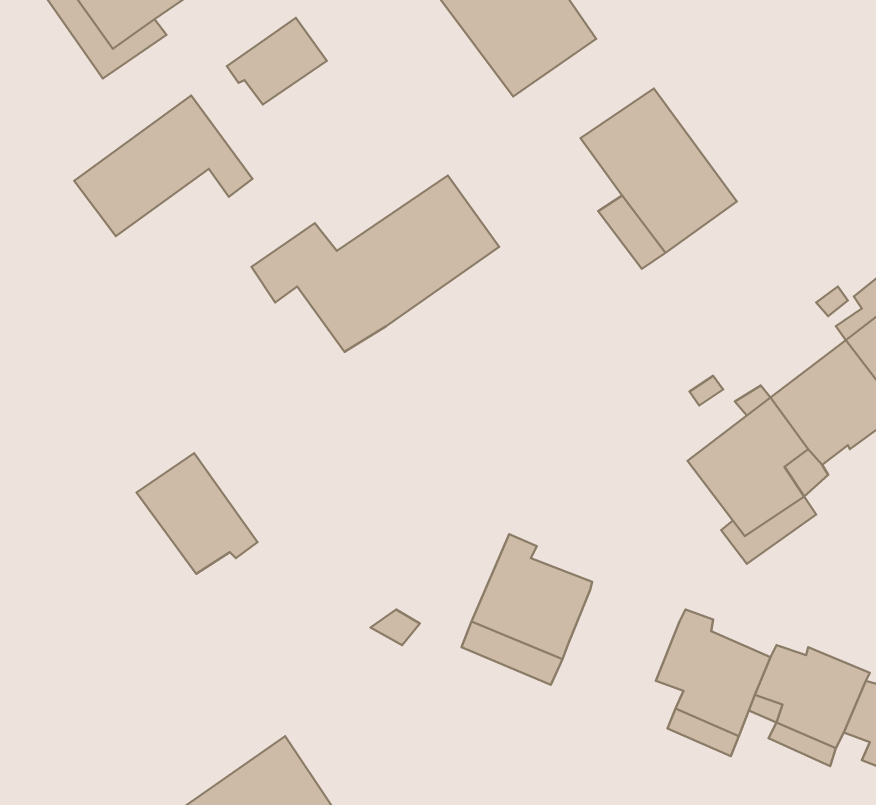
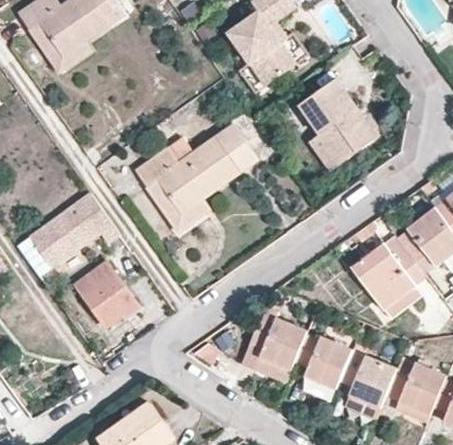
building: [227,18,327,104] -> none
building: [74,96,253,236] -> [30,197,120,268]
building: none -> [145,180,209,234]
building: none -> [293,333,349,387]

